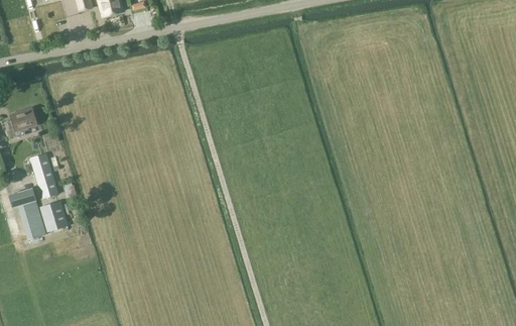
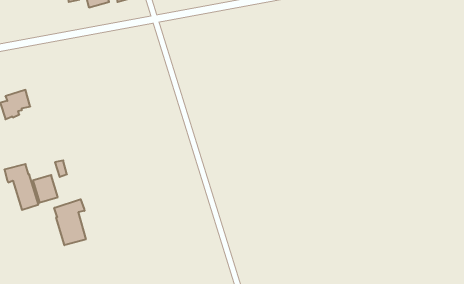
building: [30,154,58,199] -> none
building: none -> [54,199,86,245]

